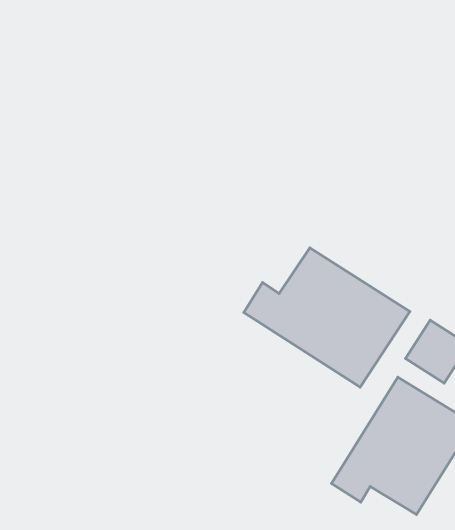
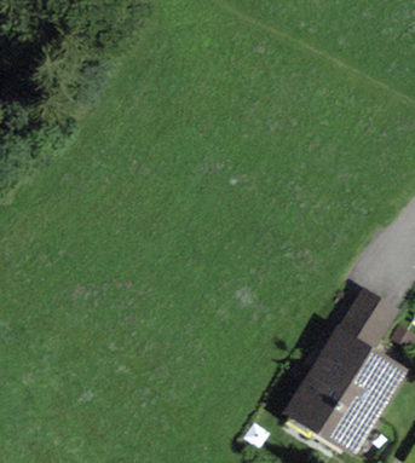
building: [244,248,410,387] -> none

